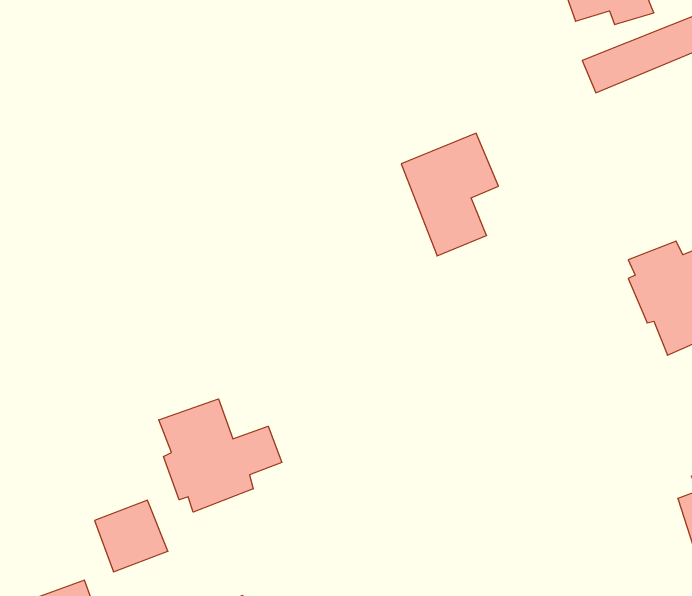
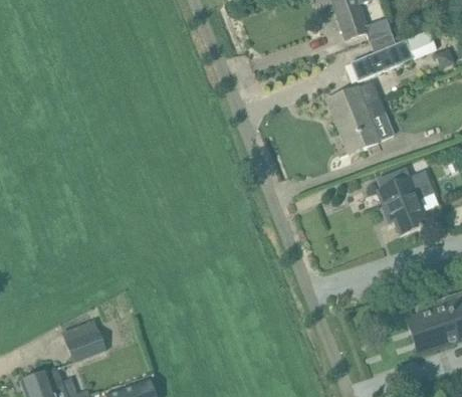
building: [401,133,498,256] -> [327,80,385,153]
building: [159,399,282,512] -> none

